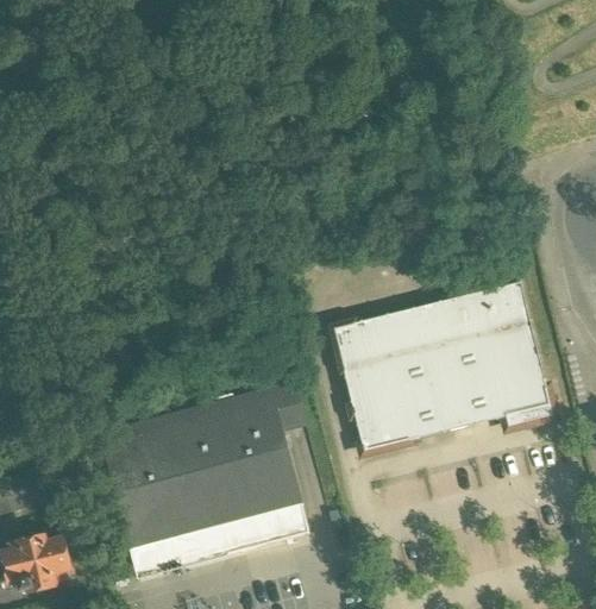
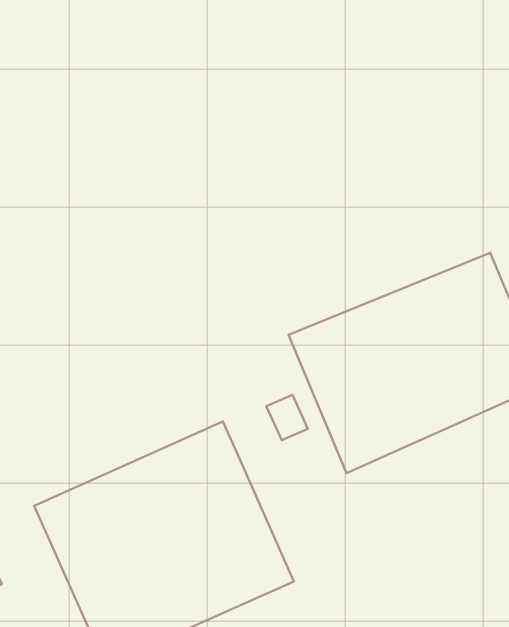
building: [269,382,301,419] -> [266,395,308,440]

